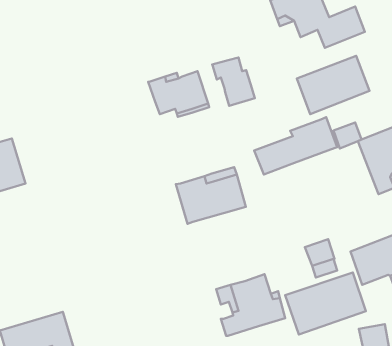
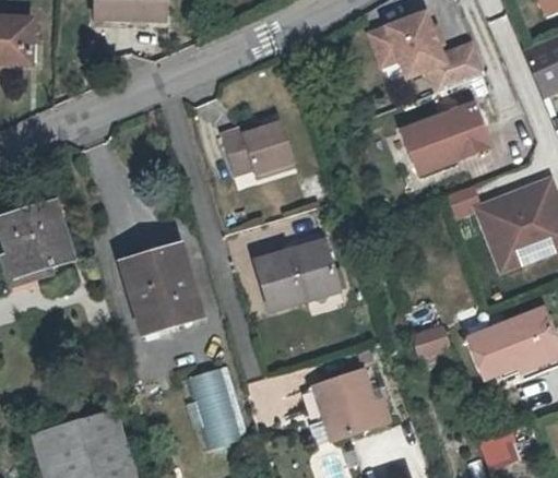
building: [212,57,255,106] -> none
building: [254,117,337,175] -> none
building: none -> [124,247,202,333]
building: none -> [183,363,244,450]
building: [285,273,366,335] -> none

